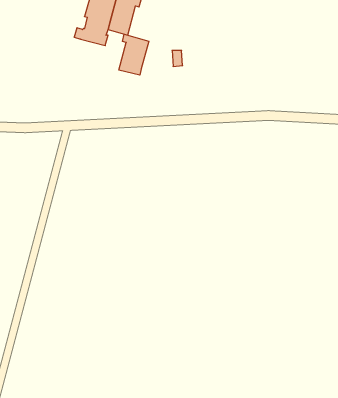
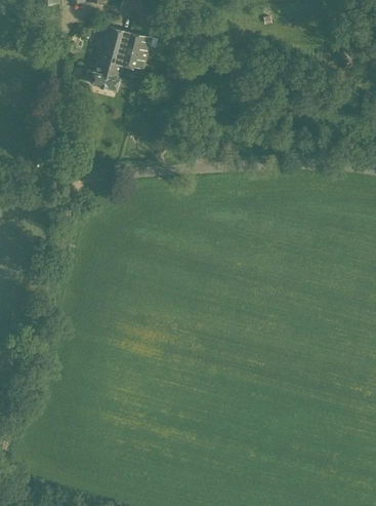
building: [119,34,149,75] -> none

